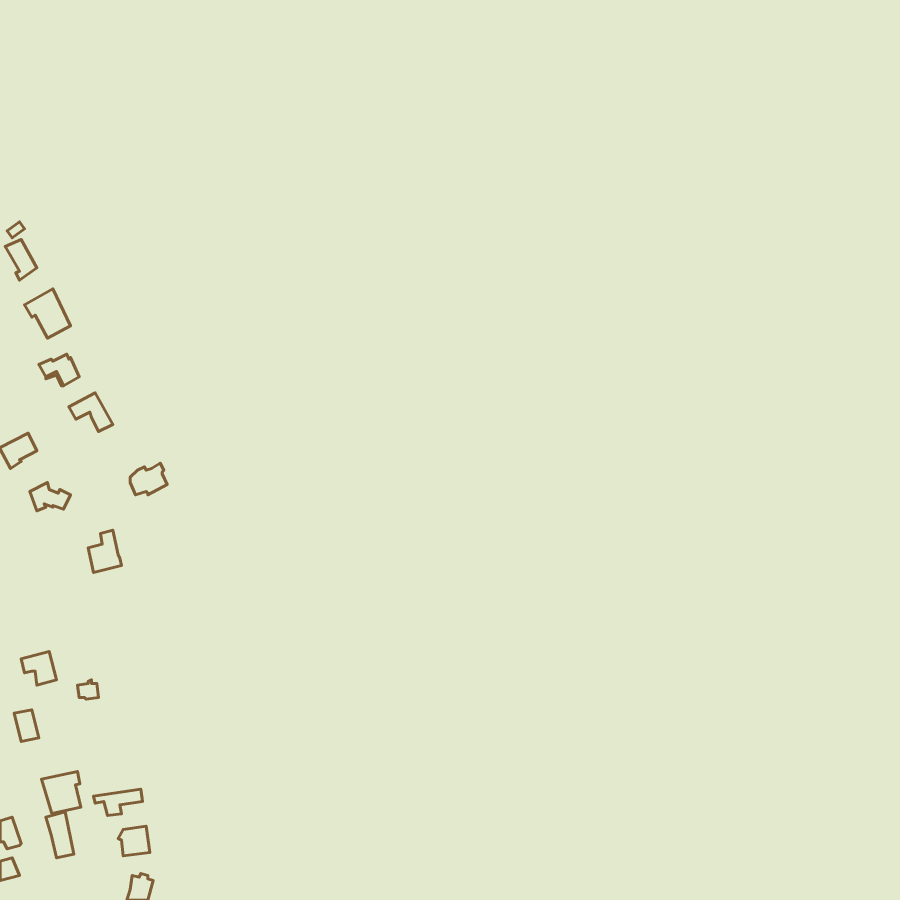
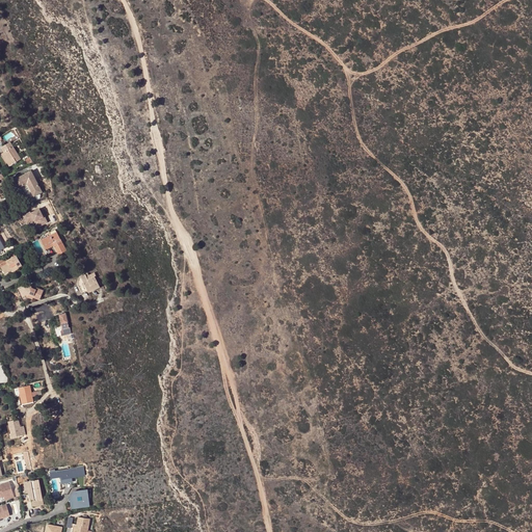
building: [41,772,81,814] -> none

